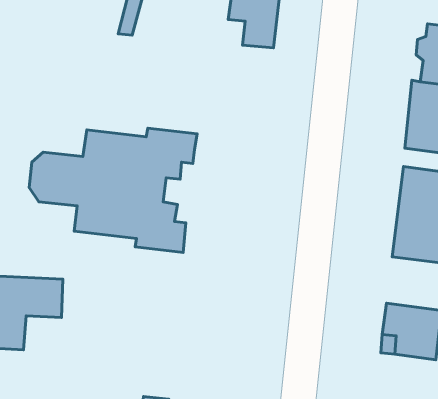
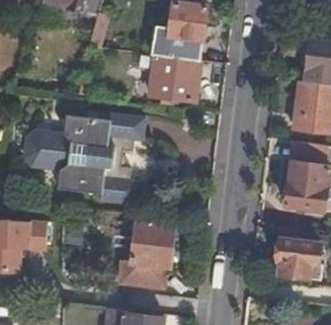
building: none -> [149,55,199,101]
building: none -> [119,222,175,287]

